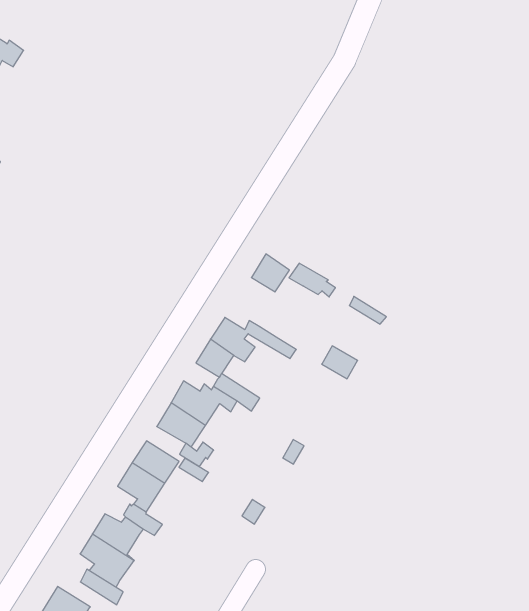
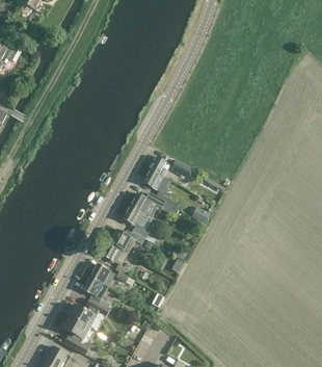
building: none -> [141,169,167,202]

